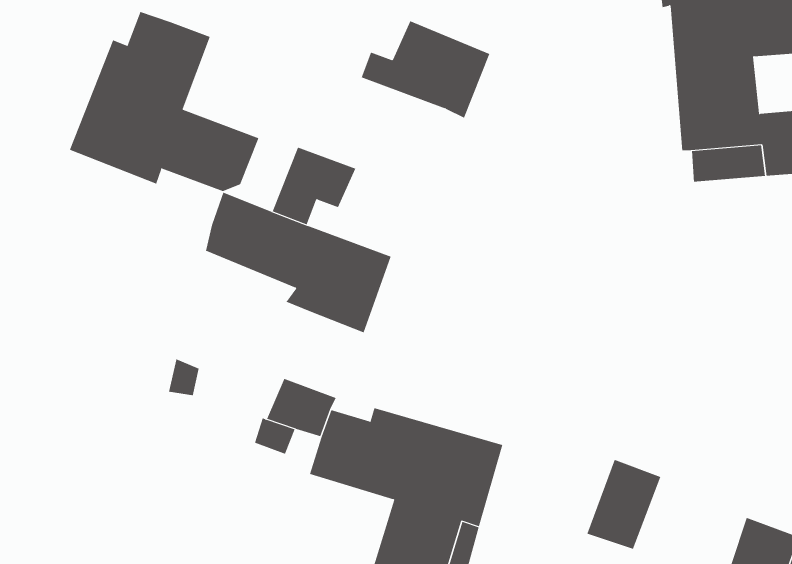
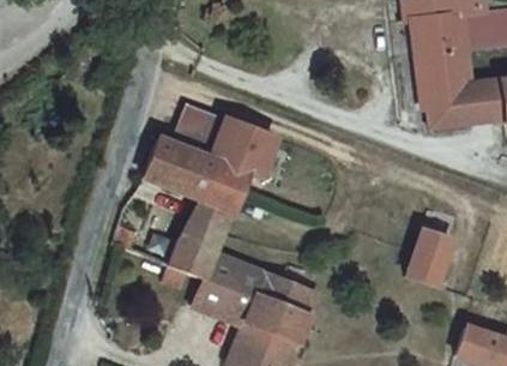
building: [69,11,259,192] -> none
building: [361,21,490,119] -> [194,116,273,176]
building: none -> [180,204,229,257]
building: [587,459,661,549] -> [404,233,449,288]

